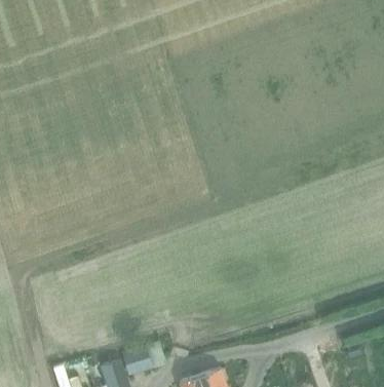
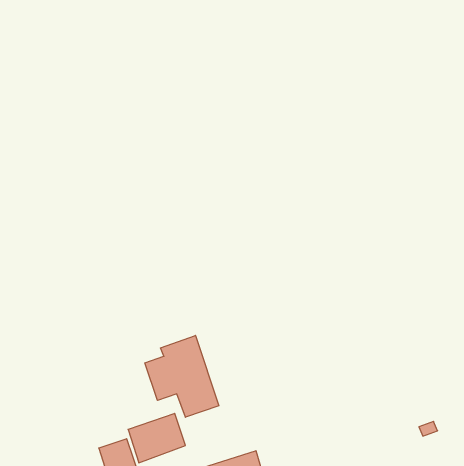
building: none -> [145,335,219,417]

